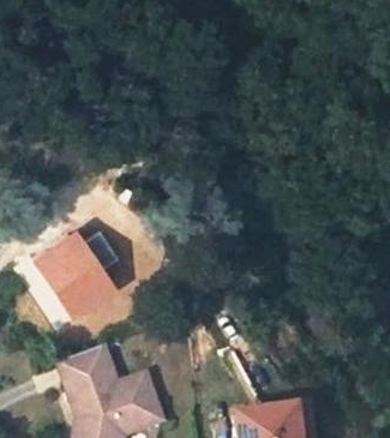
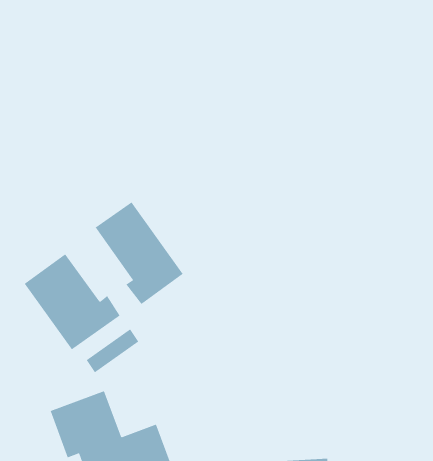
building: none -> [95,201,184,305]

